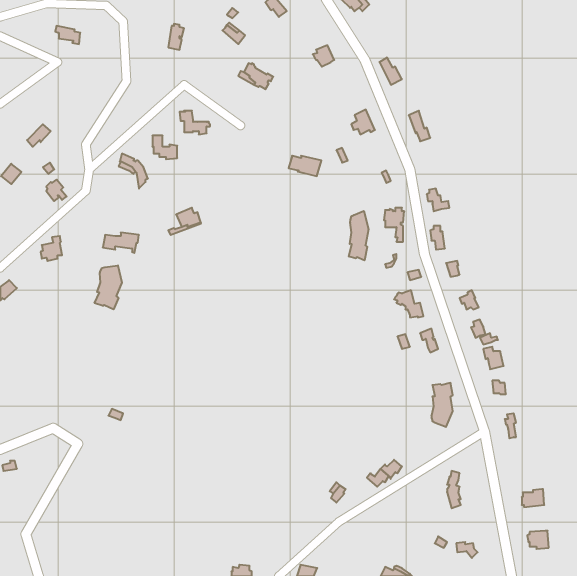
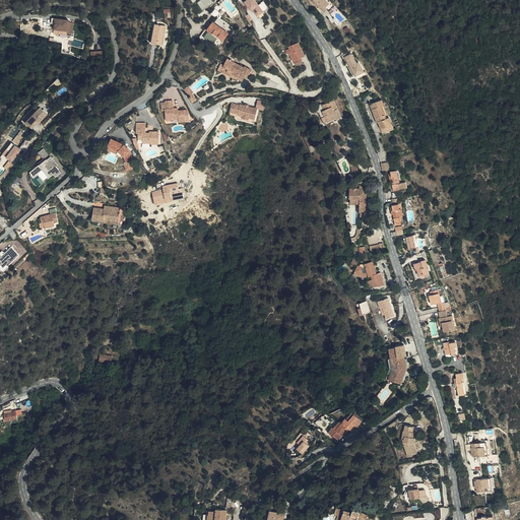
building: [289,156,321,176] -> [229,103,258,121]
building: [349,211,368,260] -> none
building: [95,265,122,309] -> none

